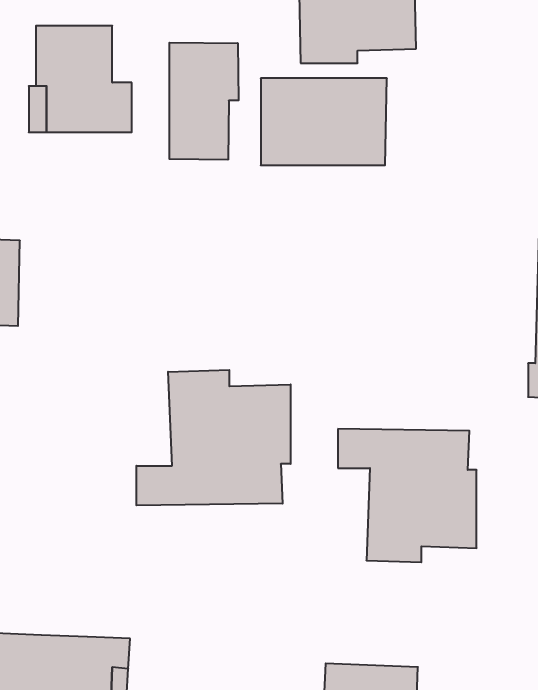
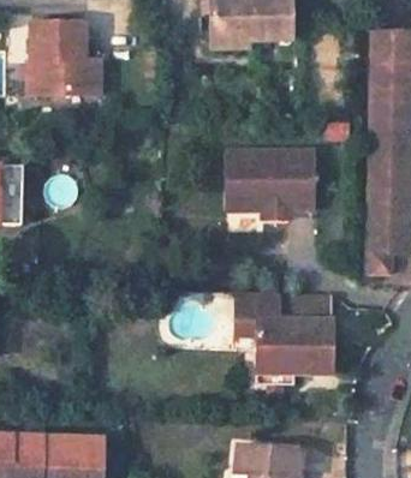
building: [169,43,239,160] -> none
building: [261,78,387,165] -> [231,149,316,208]
building: [136,370,291,505] -> none

